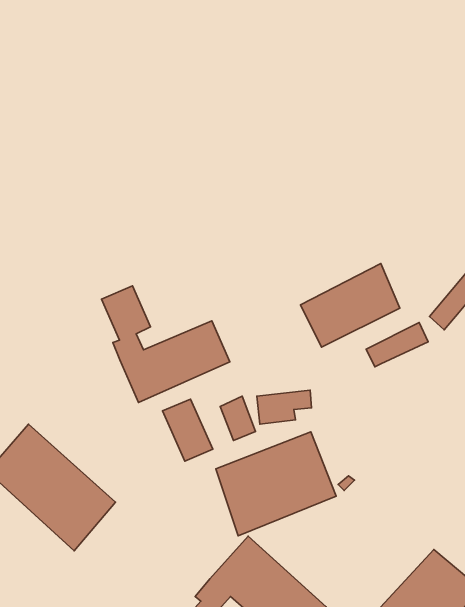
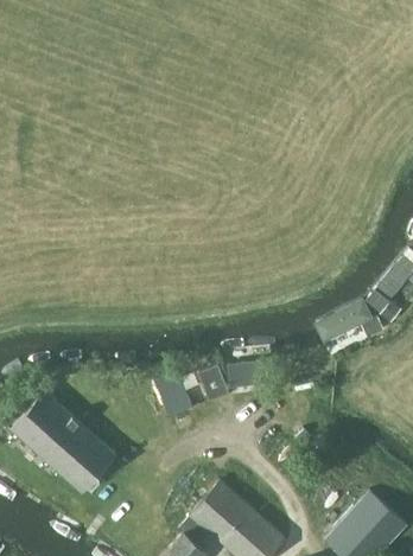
building: [300,264,400,347] -> none
building: [102,286,230,402] -> none
building: [216,432,336,536] -> none

